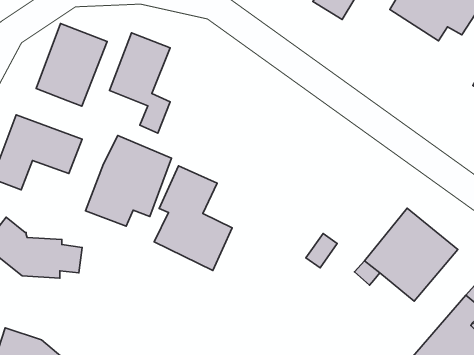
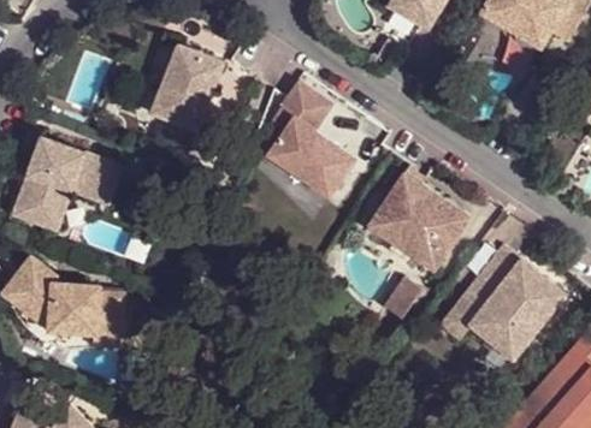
building: [36,23,107,106] -> none
building: [86,136,172,226] -> none
building: none -> [368,168,469,269]
building: [154,166,232,270] -> [265,85,357,209]

